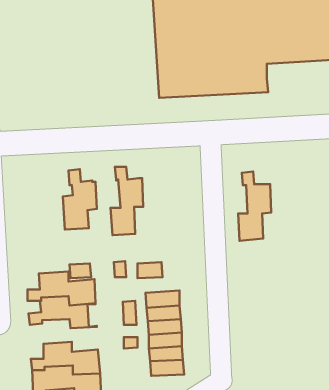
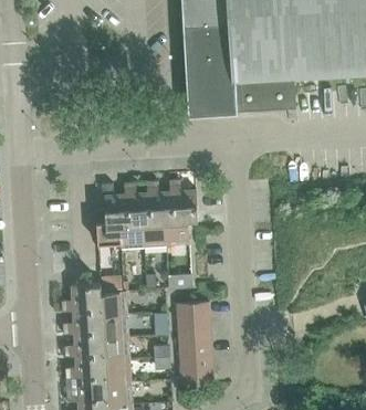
building: none -> [119,182,151,249]
building: [238,172,271,241] -> [165,179,197,246]
building: none -> [63,329,129,361]

